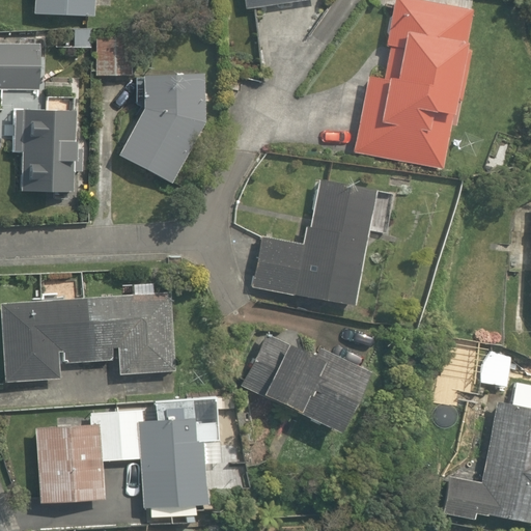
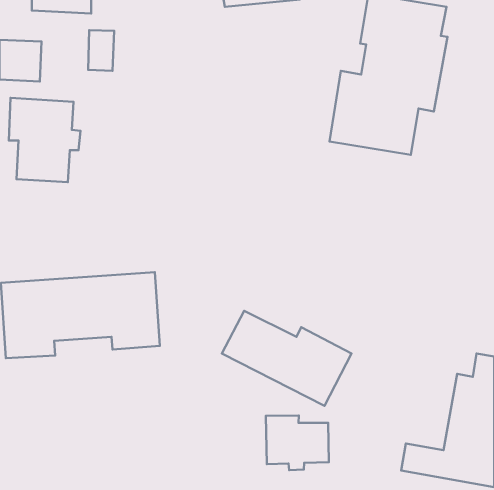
building: [120,77,215,181] -> none
building: [248,179,376,305] -> none
building: [38,394,247,512] -> none
building: none -> [266,416,329,470]

